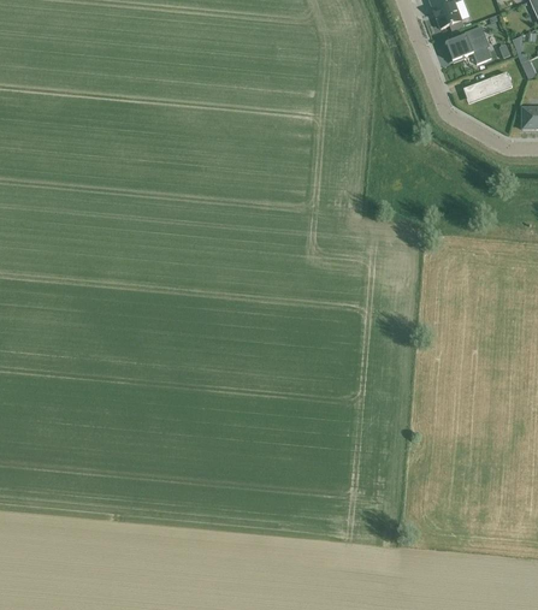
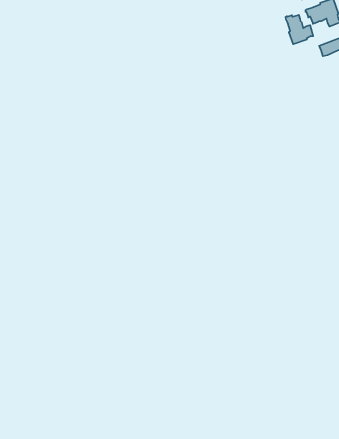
building: none -> [285,15,313,44]

